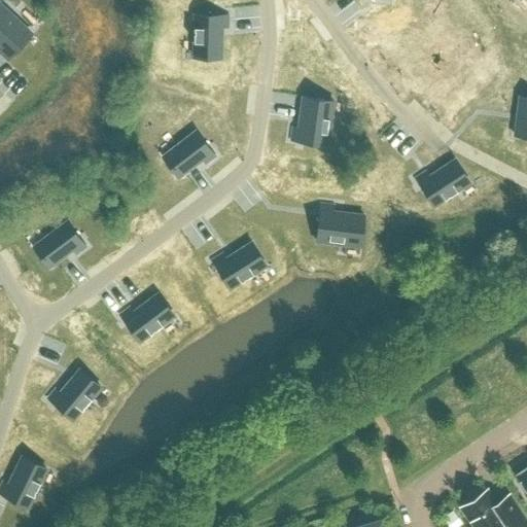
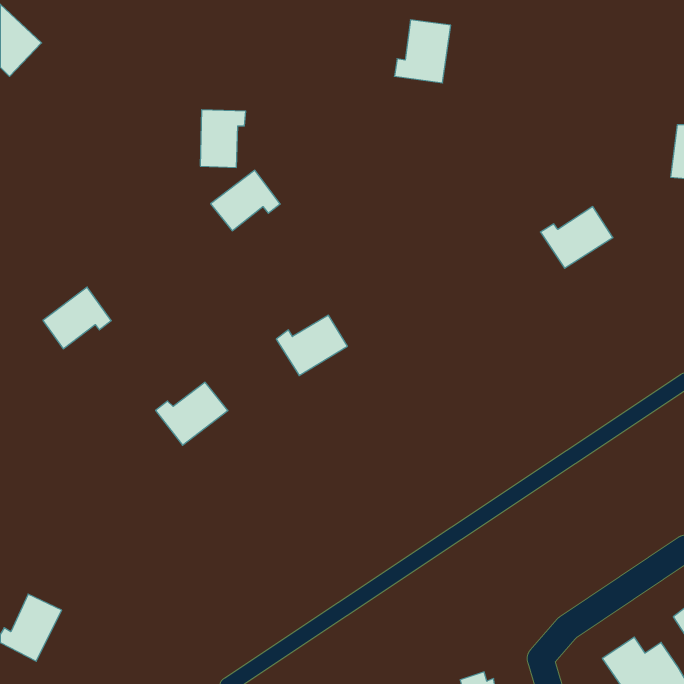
building: [195,15,230,60] -> [200,110,246,167]
building: [291,98,335,146] -> [394,20,451,83]
building: [317,205,365,248] -> none
building: [48,370,102,421] -> none

